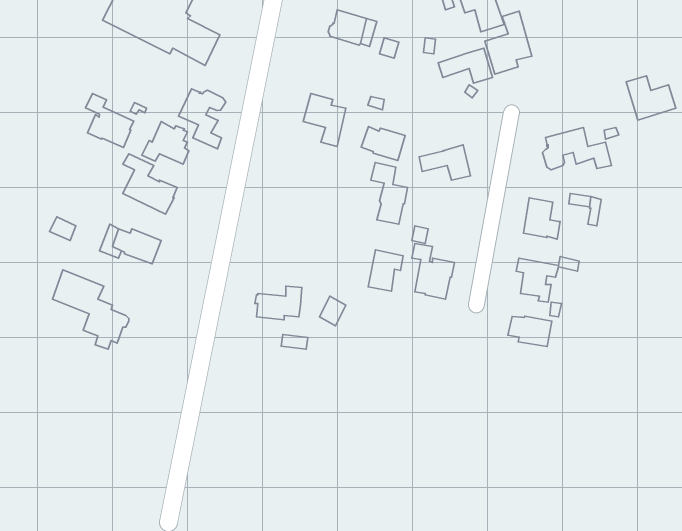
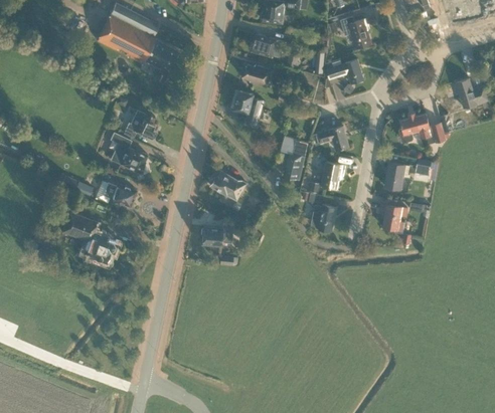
building: [485,11,532,74] -> none
building: [178,89,226,149] -> none
building: [86,94,134,148] -> none
building: [361,127,405,160] -> [241,63,272,86]
building: none -> [209,170,245,200]
building: [368,250,403,291] -> [321,161,345,189]
building: [508,316,552,346] -> none

